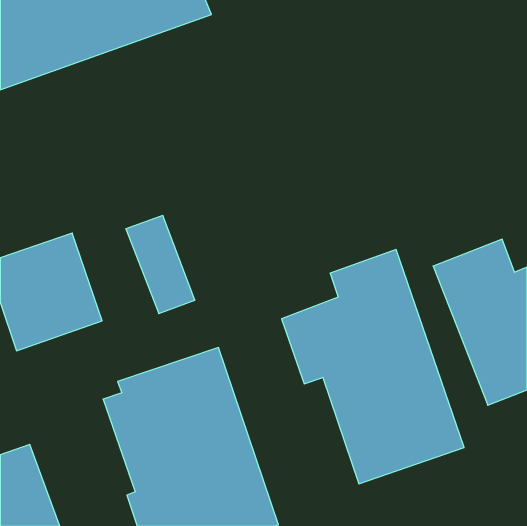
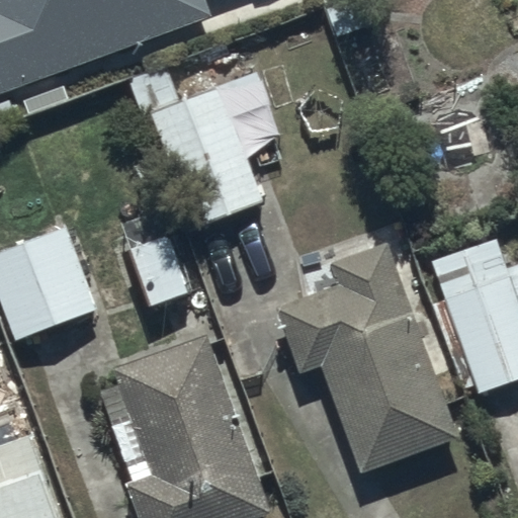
building: none -> [131,69,269,230]

